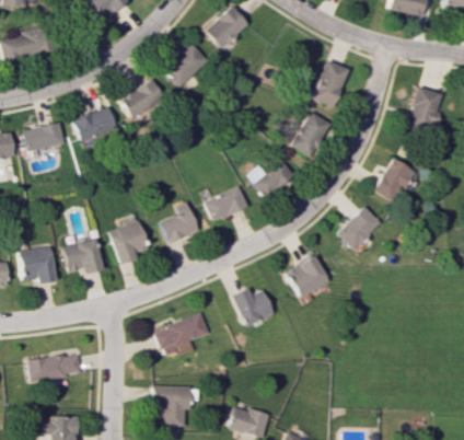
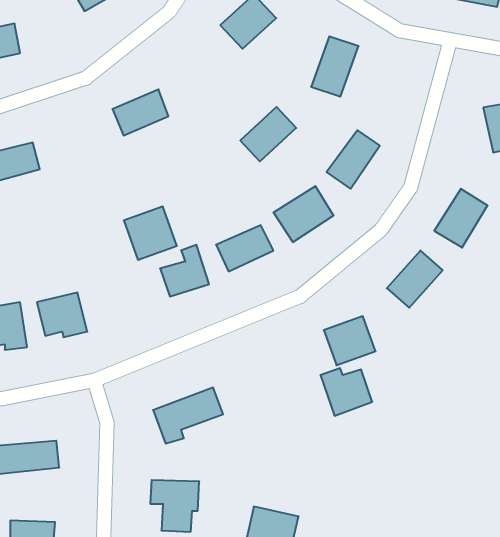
building: [164,43,208,85] -> [240,107,296,161]
building: [313,60,350,107] -> [311,36,359,97]
building: [73,106,118,144] -> none
building: [107,221,149,263] -> [124,207,177,260]
building: [231,289,271,326] -> [320,368,372,416]

